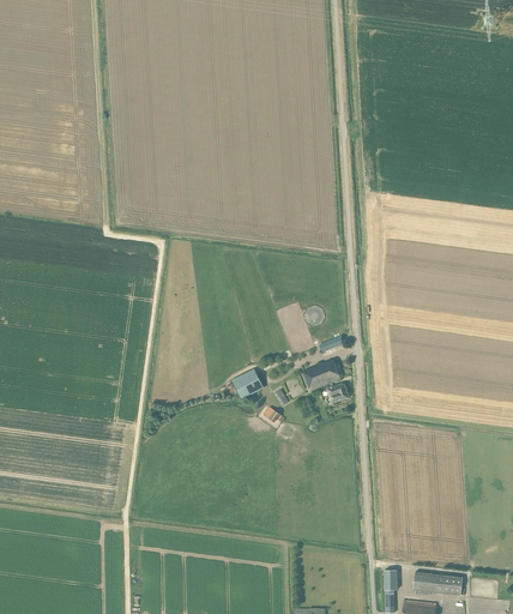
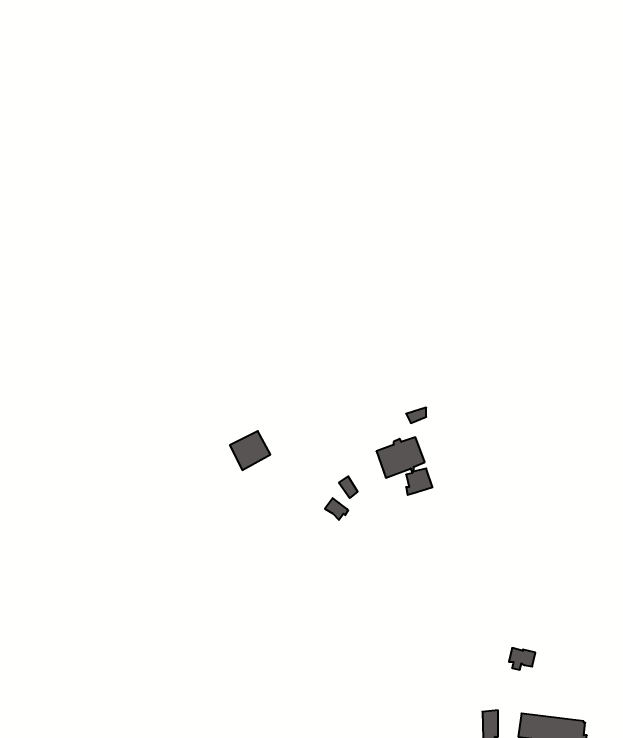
building: [233,368,264,398] -> [230,431,270,470]

